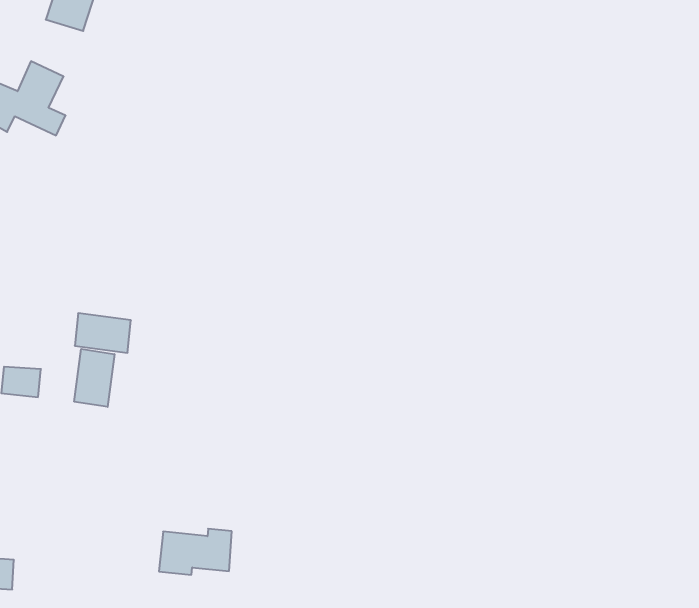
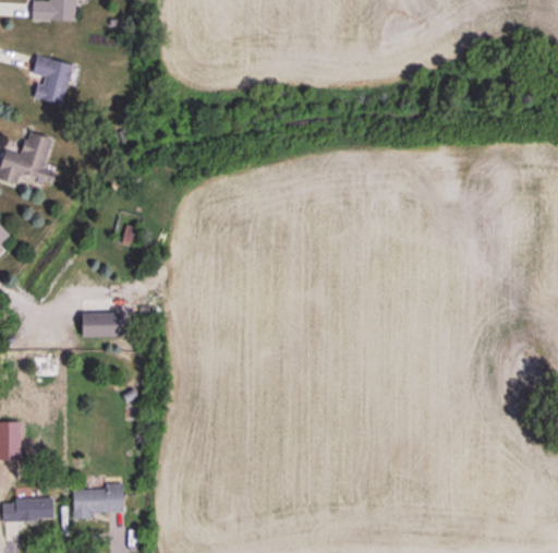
building: [74,349,114,407] -> none
building: [159,529,232,575] -> [72,483,123,518]

